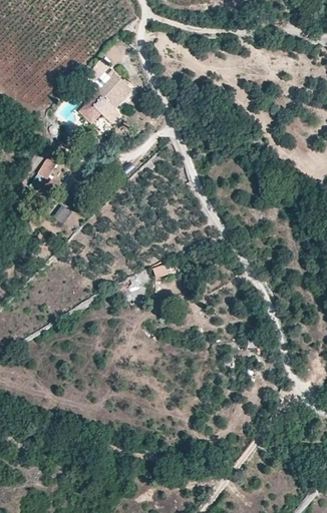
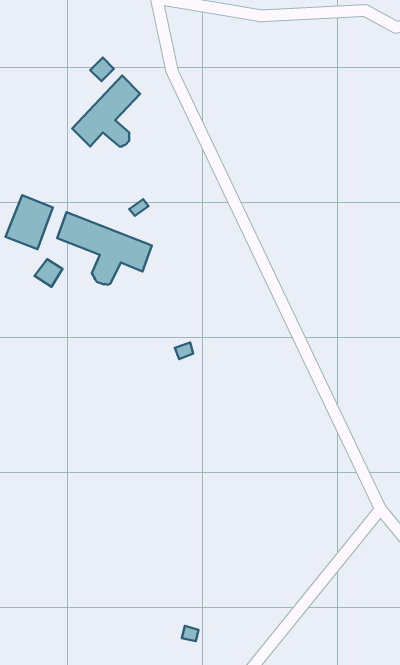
building: none -> [57,212,152,285]

